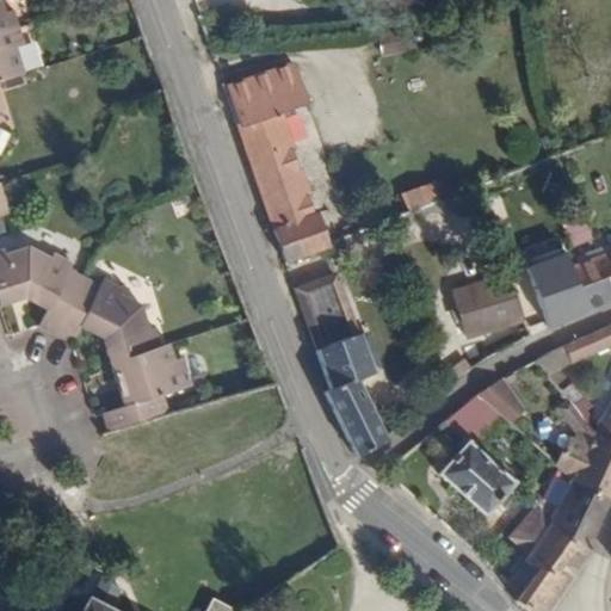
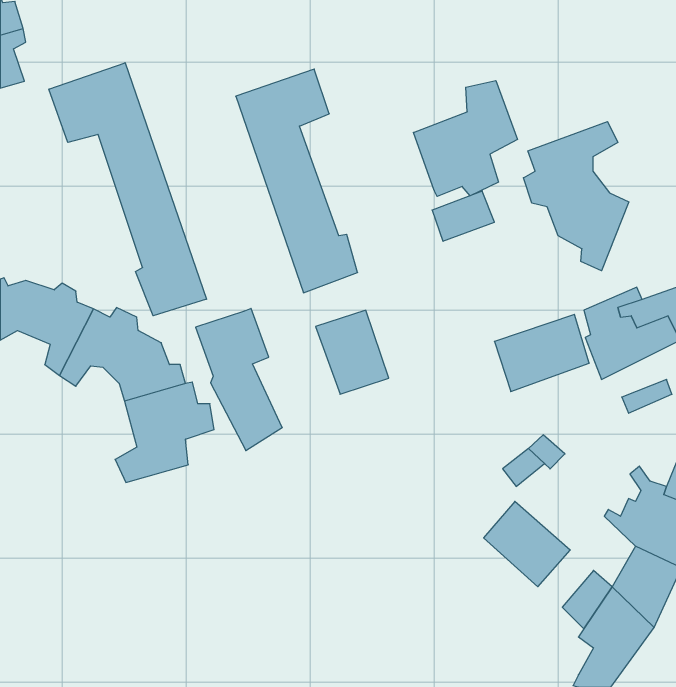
building: none -> [49,63,207,316]
building: none -> [413,81,518,196]
building: none -> [523,122,629,271]
building: [314,331,390,456] -> [196,308,282,451]

